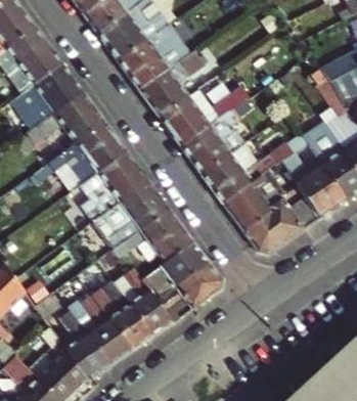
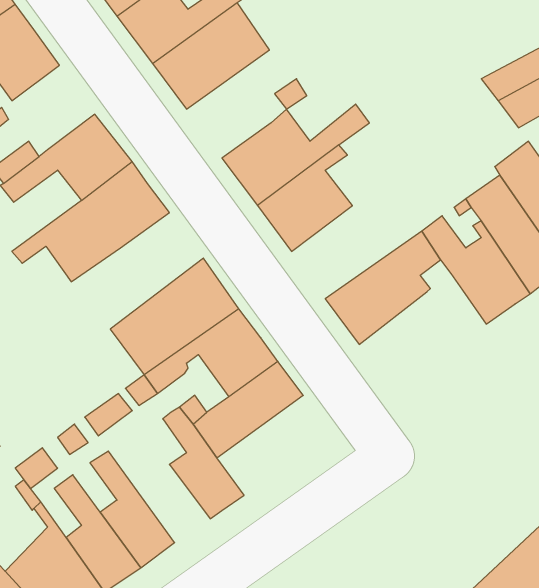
building: [138,48,205,118] -> none
building: [33,61,83,113] -> none
building: [202,140,294,203] -> none
building: [77,150,148,225] -> none
building: [242,197,319,253] -> none
building: [157,261,222,310] -> none
building: [91,279,152,350] -> none

